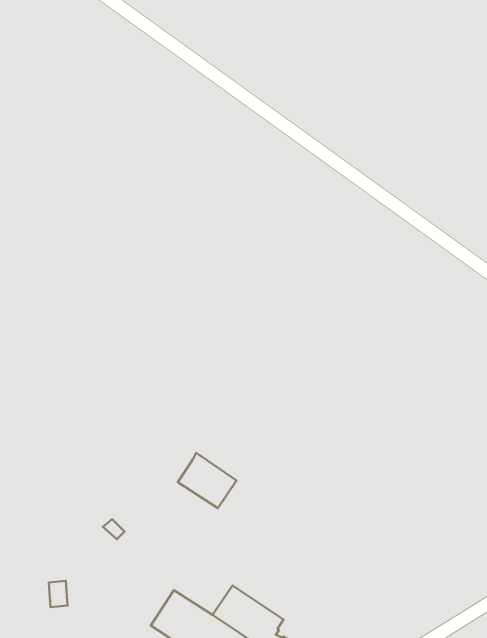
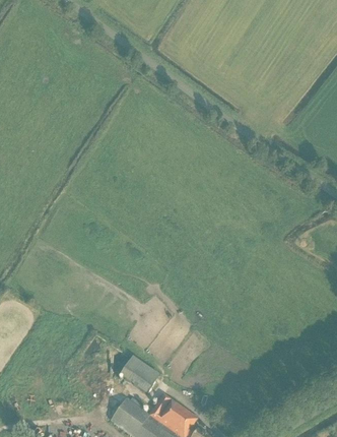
building: [178,453,236,508] -> [120,355,158,391]

